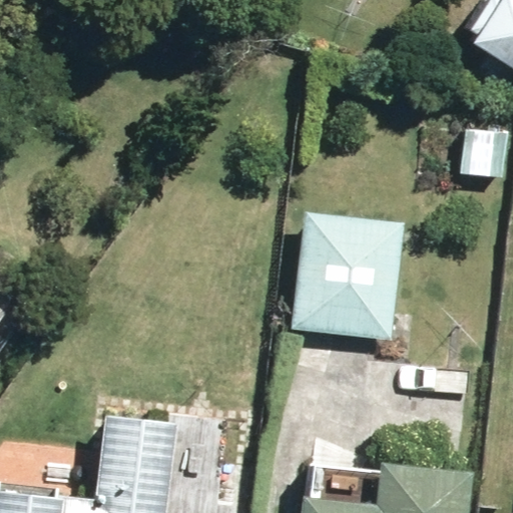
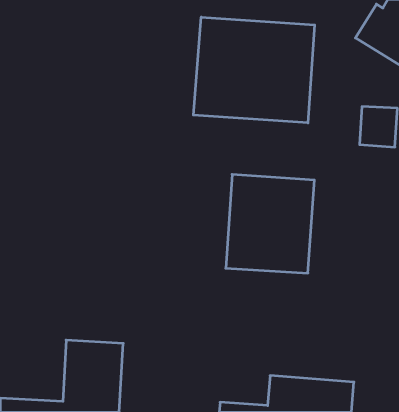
building: none -> [193,17,315,123]

